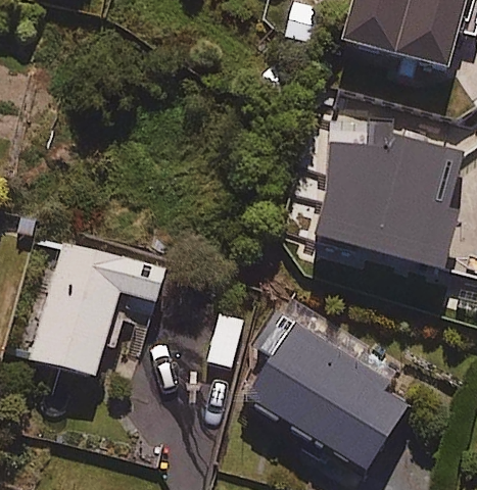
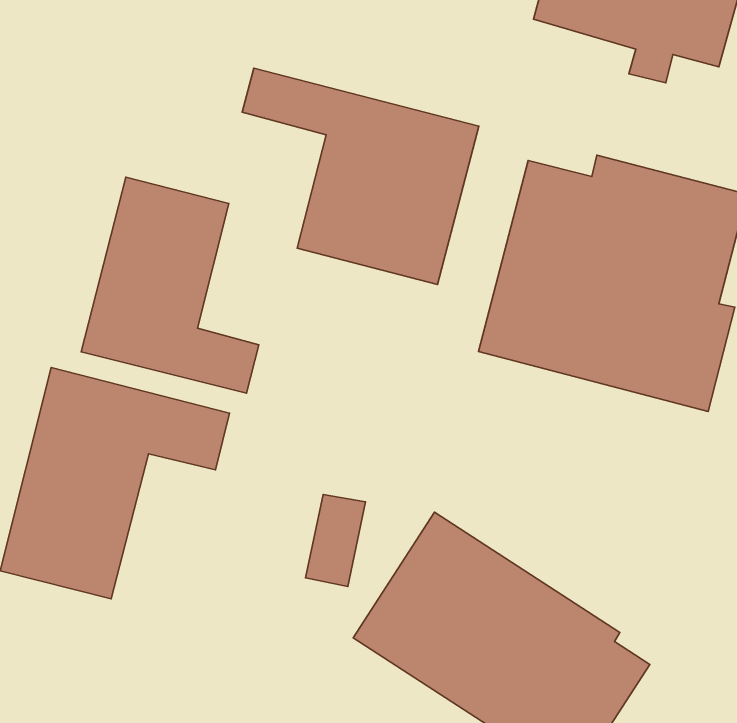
building: none -> [242,68,479,285]
building: none -> [81,177,259,393]

